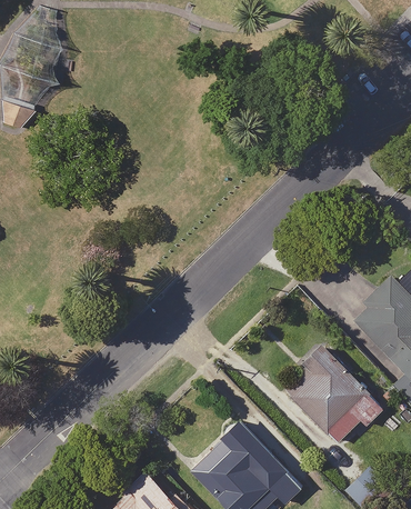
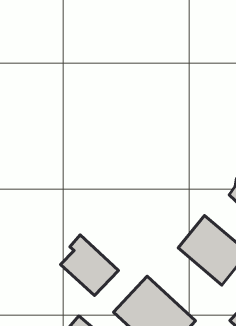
building: none -> [61,235,119,296]

